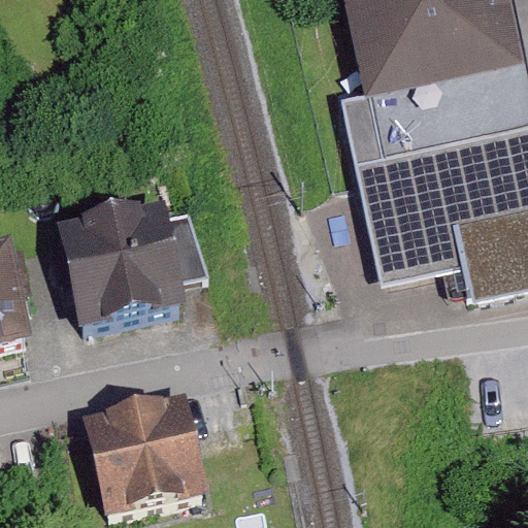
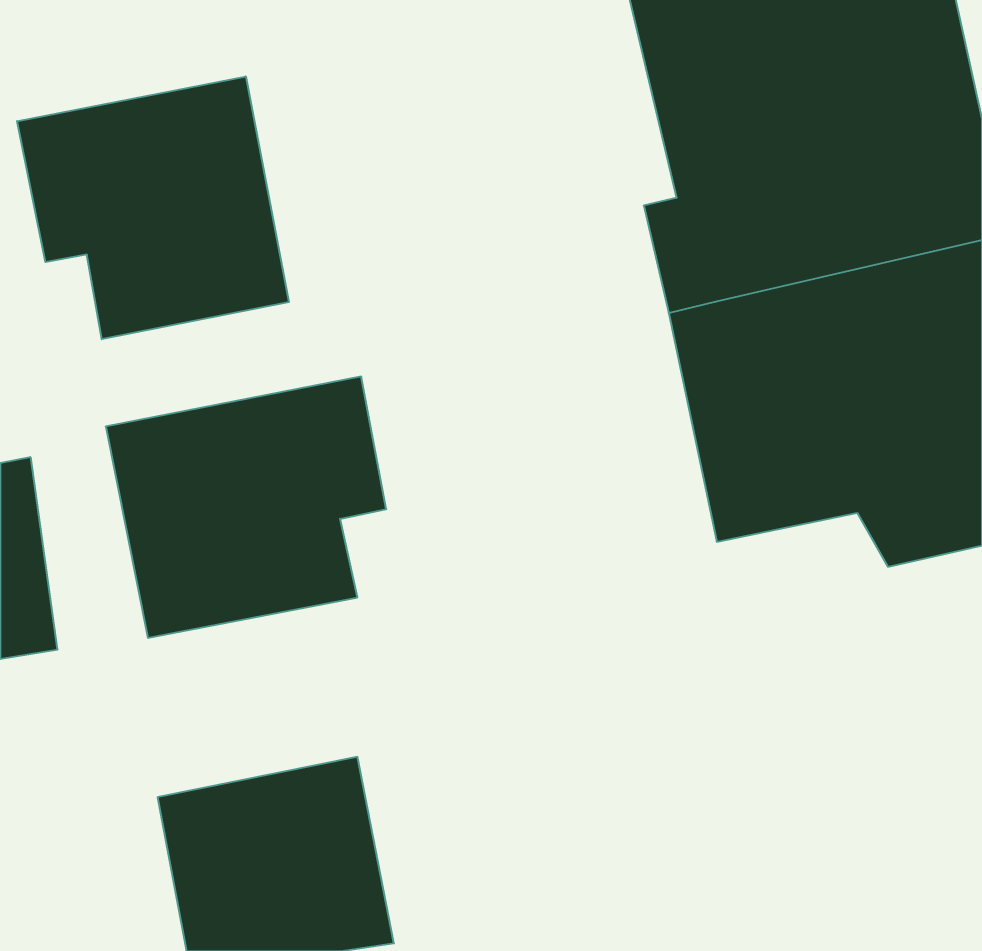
building: none -> [17,76,289,339]

